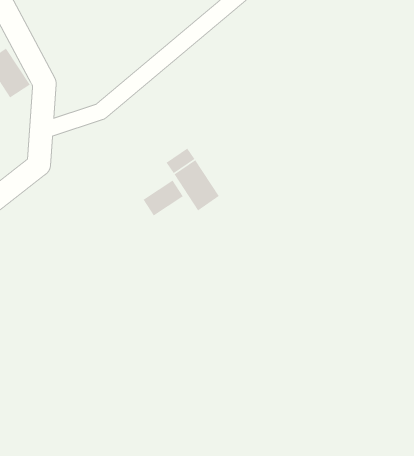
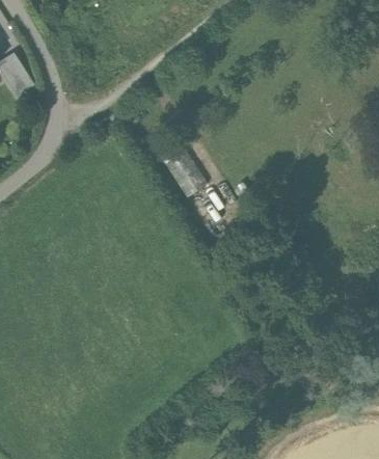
building: [143,179,184,216] -> none

